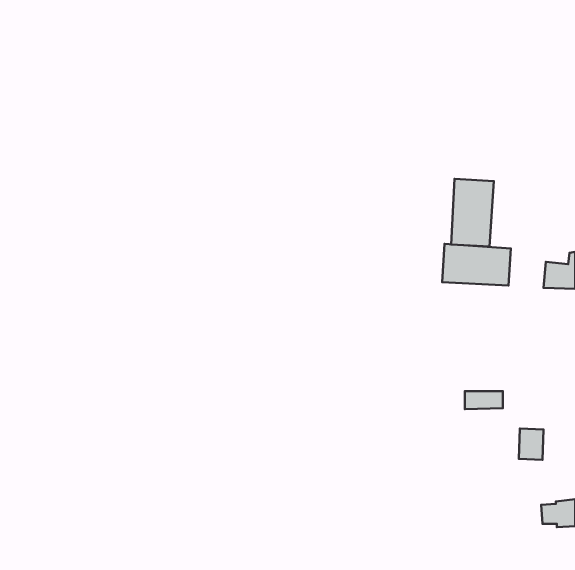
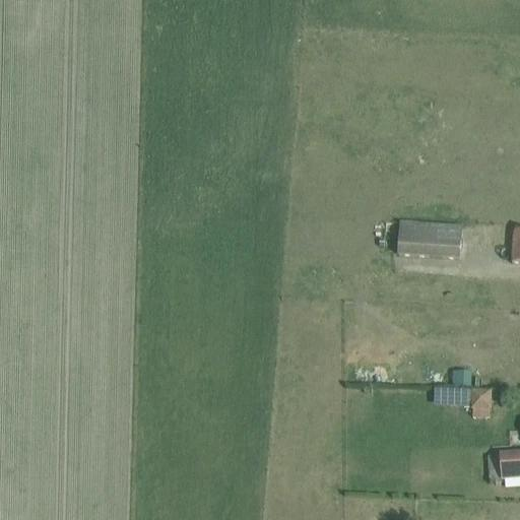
building: [451,179,494,247] -> none
building: [465,391,503,409] -> [434,386,468,402]

